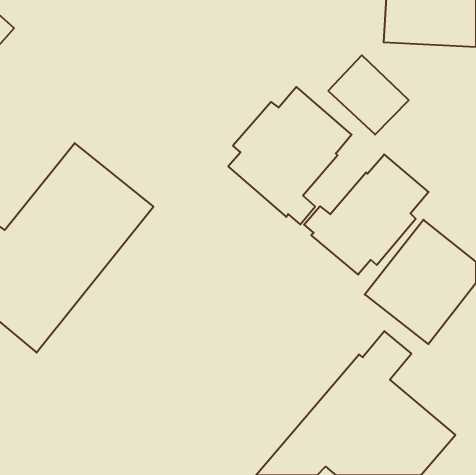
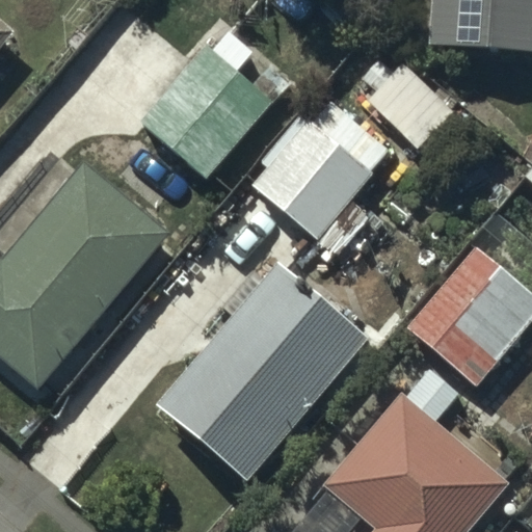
building: none -> [140,46,305,181]
building: [304,154,429,275] -> none
building: none -> [158,263,370,482]

